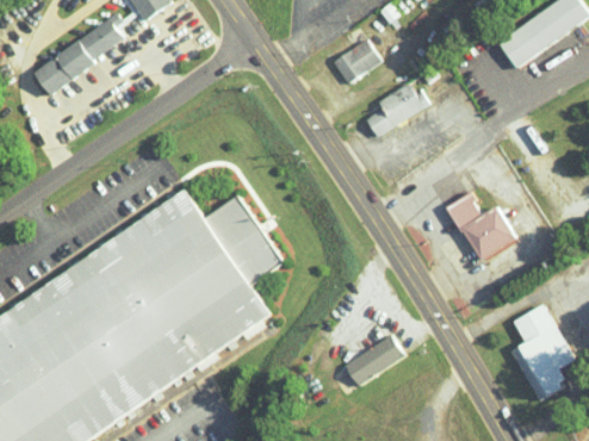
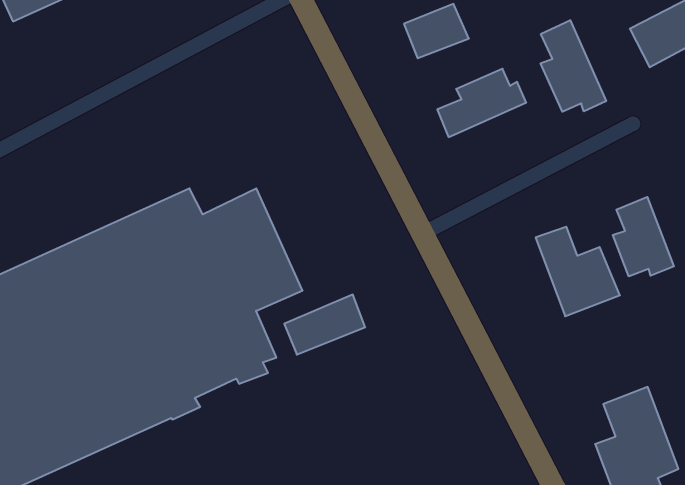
building: none -> [541,20,606,112]
building: none -> [613,197,674,276]
building: [343,334,403,383] -> [284,295,365,355]

